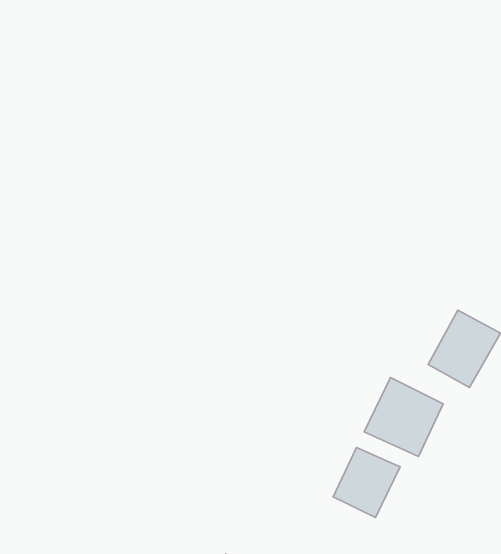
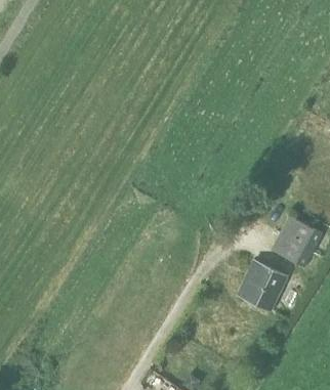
building: [333,447,400,518] -> none

